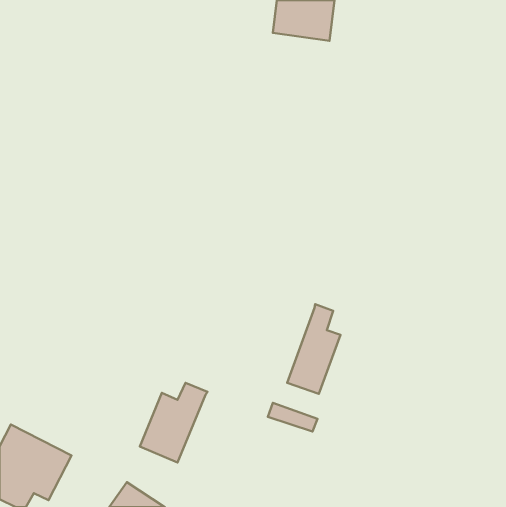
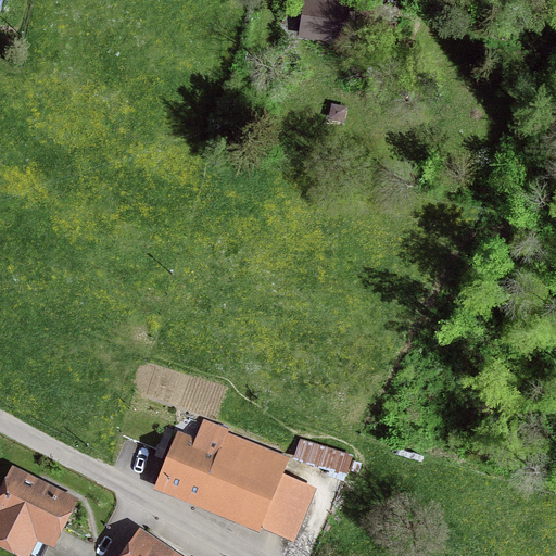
building: [287,304,340,394] -> none
building: none -> [194,432,315,541]

